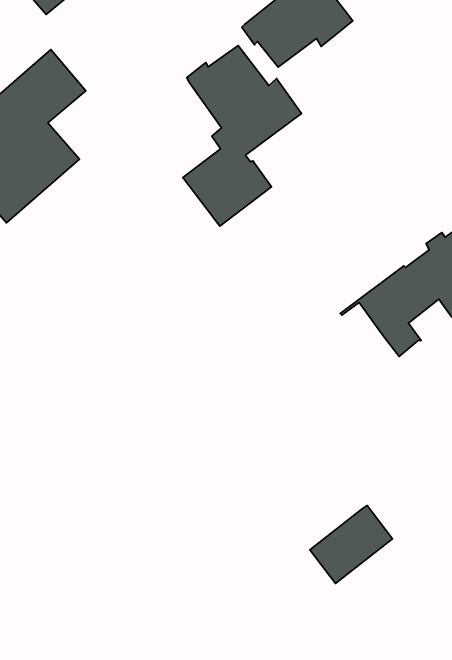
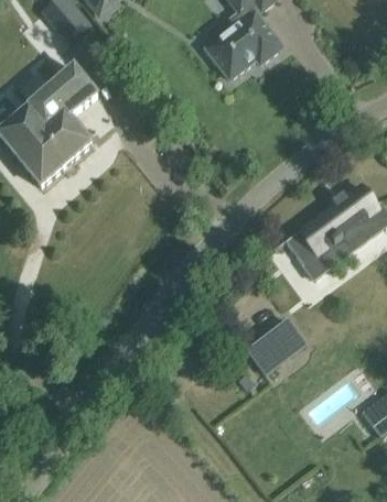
building: [183,45,302,226] -> none
building: [310,505,393,583] -> [247,318,304,372]

